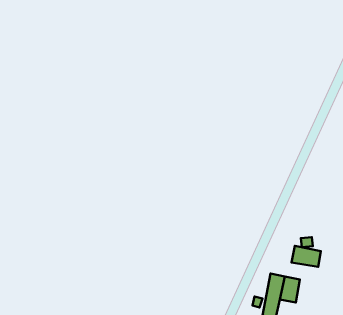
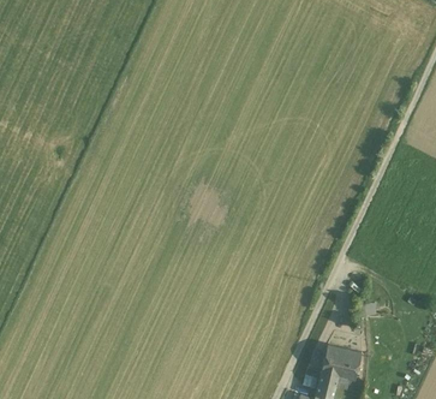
building: [292,246,321,267] -> none

